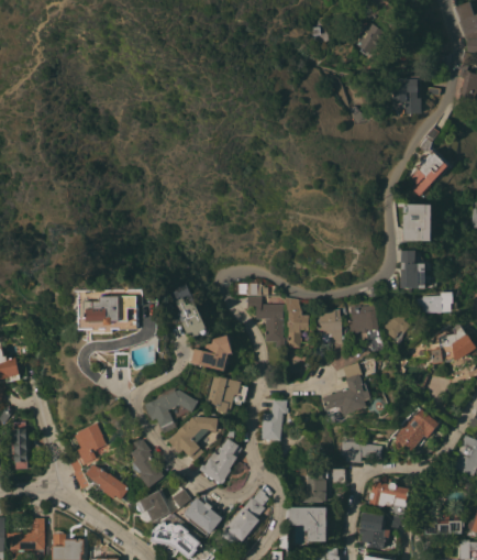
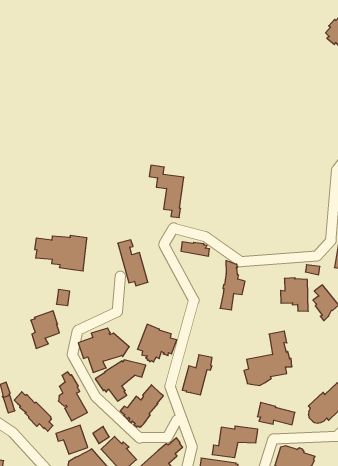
building: [246,297,284,348] -> [149,165,184,218]
building: [317,309,342,343] -> none
building: [192,334,233,371] -> none
building: [74,422,106,464] -> [31,311,59,348]

